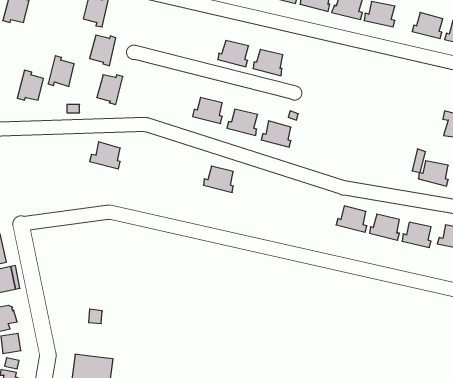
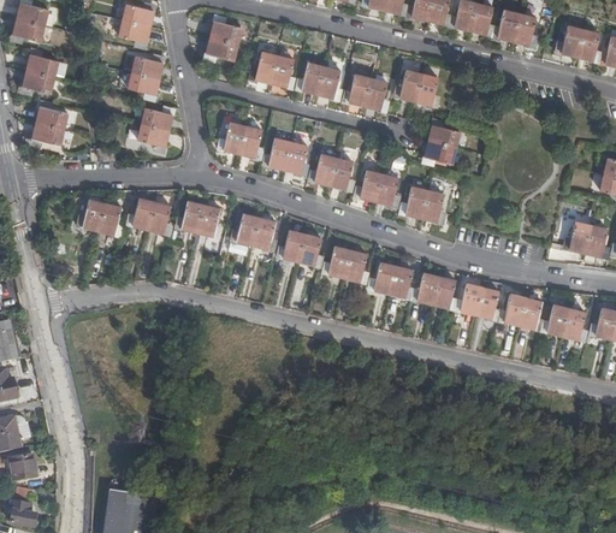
building: none -> [205,19,241,59]
building: none -> [251,53,292,88]
building: none -> [396,71,437,106]
building: [48,56,74,86] -> [22,52,57,93]
building: none -> [424,123,457,162]
building: none -> [220,124,260,158]
building: none -> [402,188,443,223]
building: none -> [78,201,119,236]
building: none -> [177,202,218,237]
building: none -> [231,214,273,249]
building: none -> [325,248,365,282]
building: none -> [369,263,410,297]
building: none -> [413,273,454,308]

